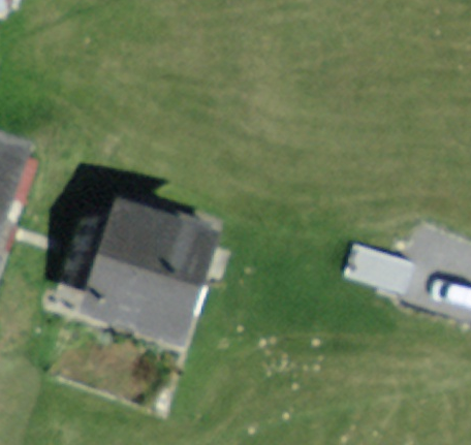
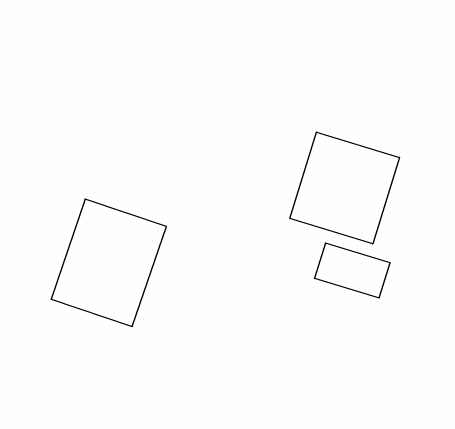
building: none -> [290,132,399,244]

